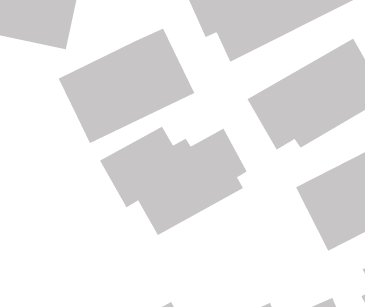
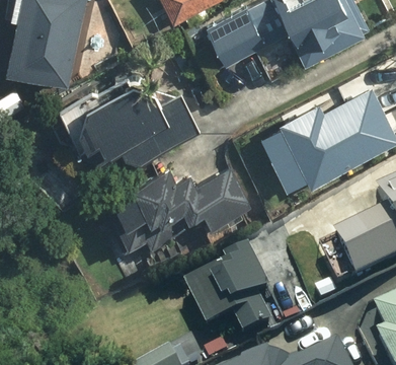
building: none -> [178,247,278,347]

